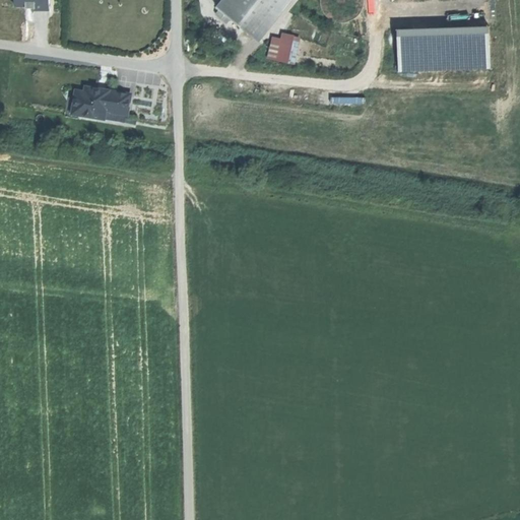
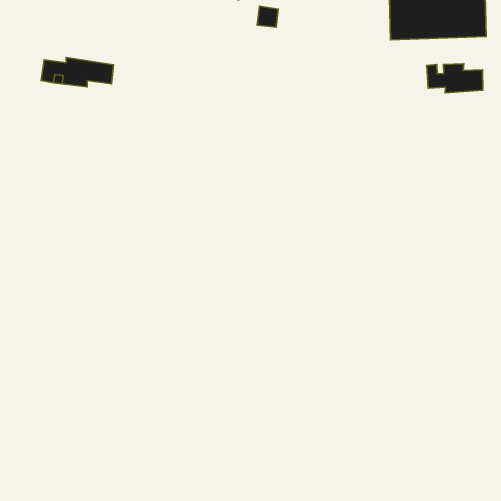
building: none -> [427,64,483,93]

